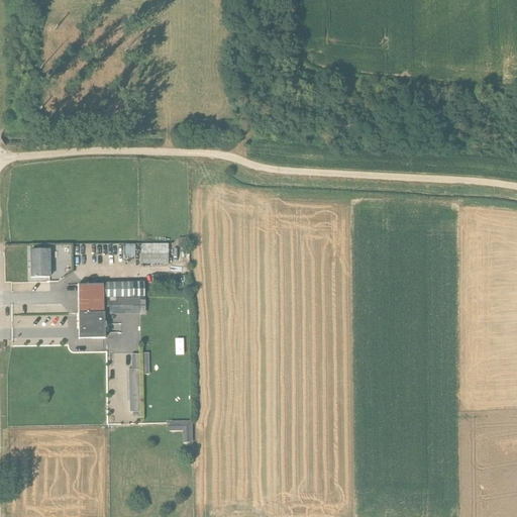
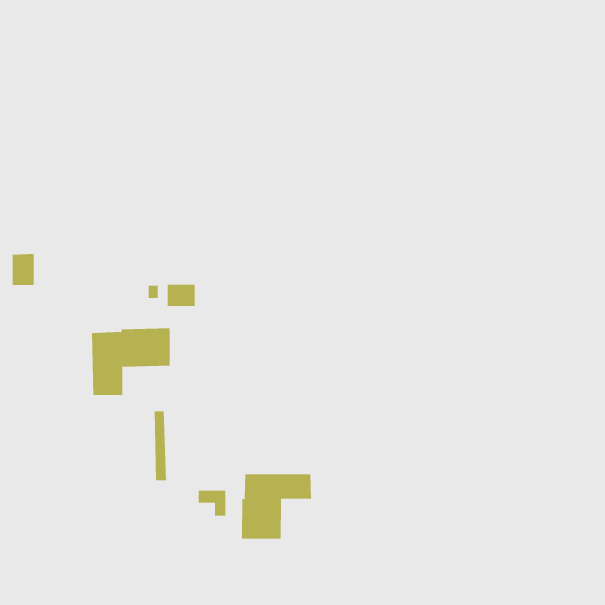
building: [31,248,50,276] -> [12,253,34,285]
building: none -> [241,474,311,540]

